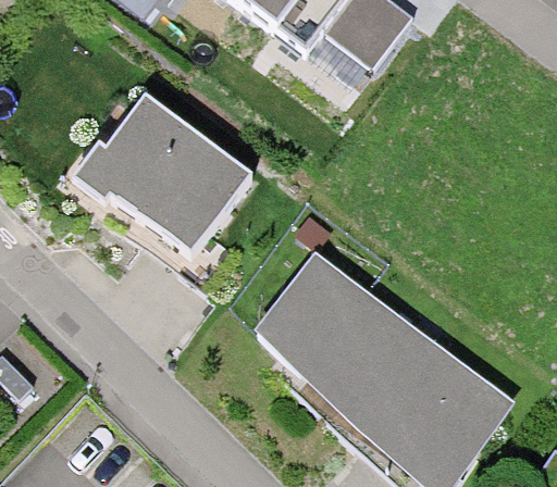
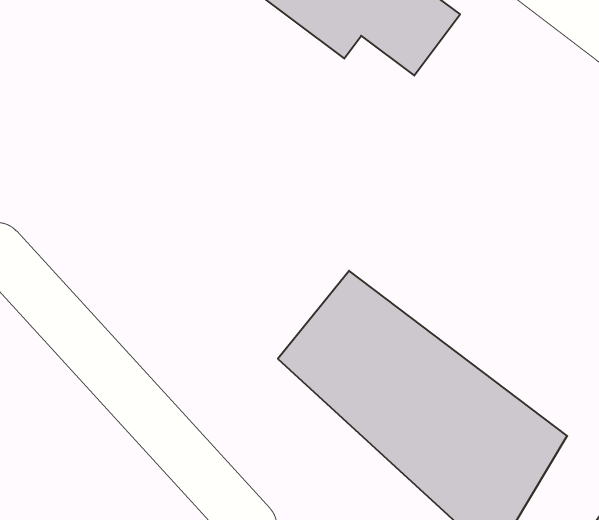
building: [64,102,243,259] -> none

